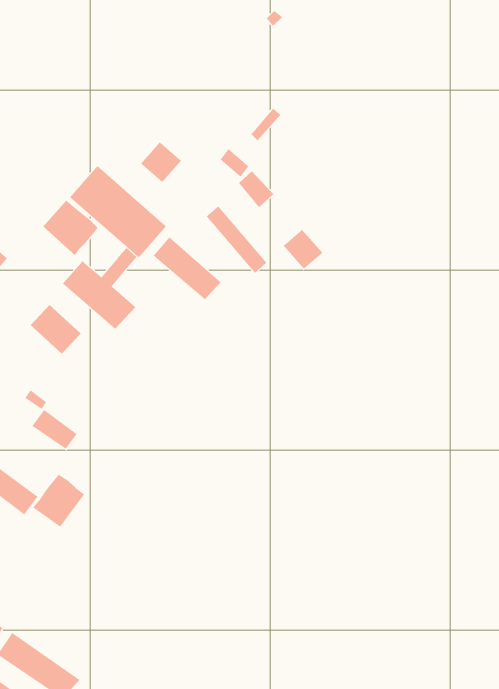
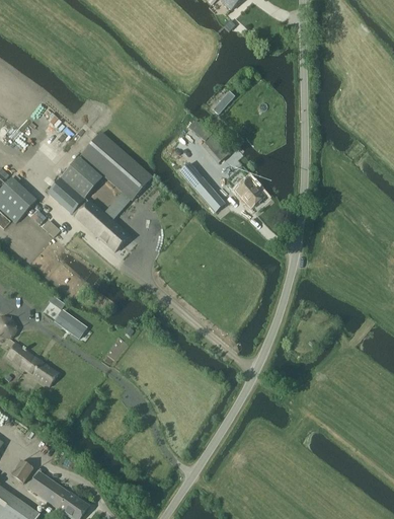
building: [140,142,182,183] -> none
building: [153,236,222,300] -> none
building: [30,304,81,355] -> [47,175,84,212]
building: [33,474,85,528] -> none

